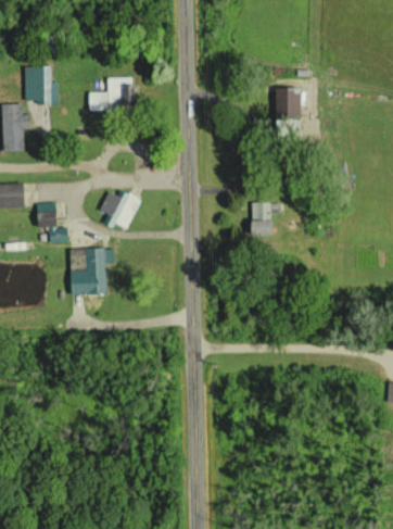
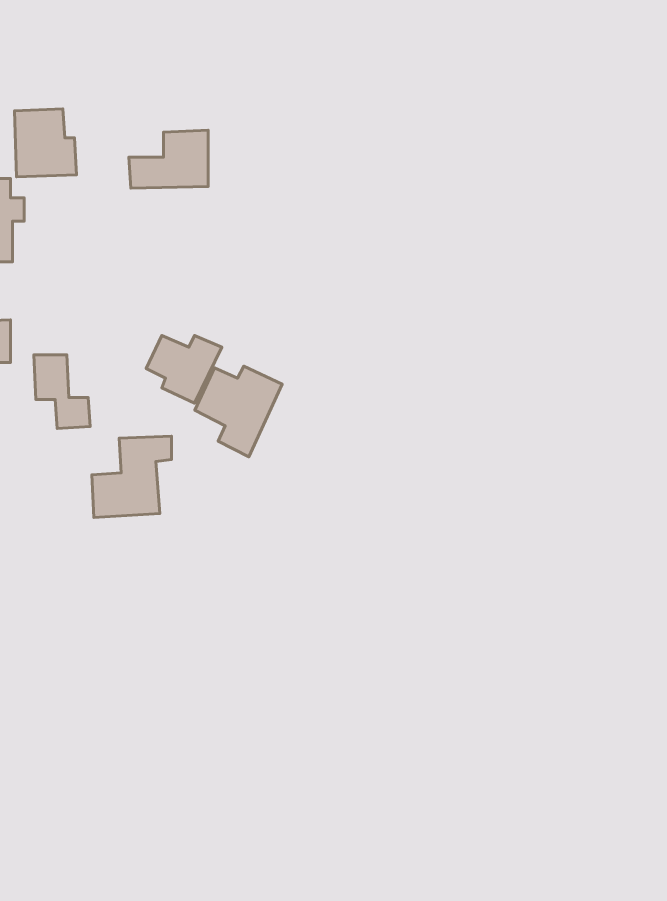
building: [275,89,301,121] -> none
building: [251,202,271,236] -> none
building: none -> [195,366,282,457]

